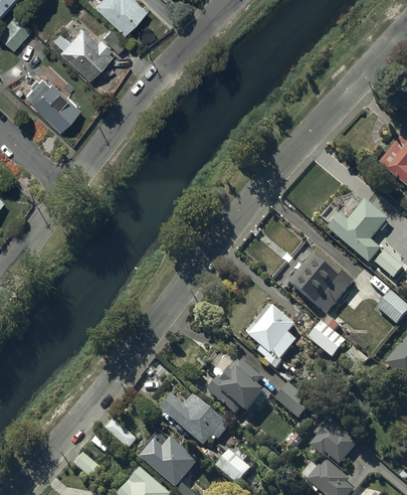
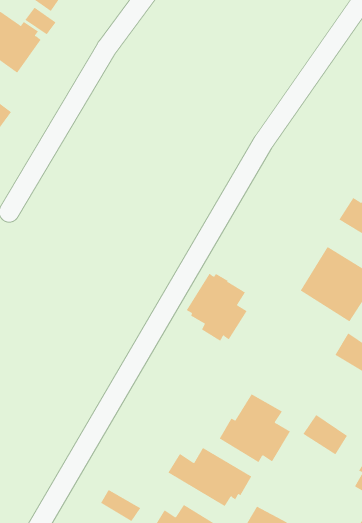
building: [246,304,296,360] -> [186,273,248,342]

